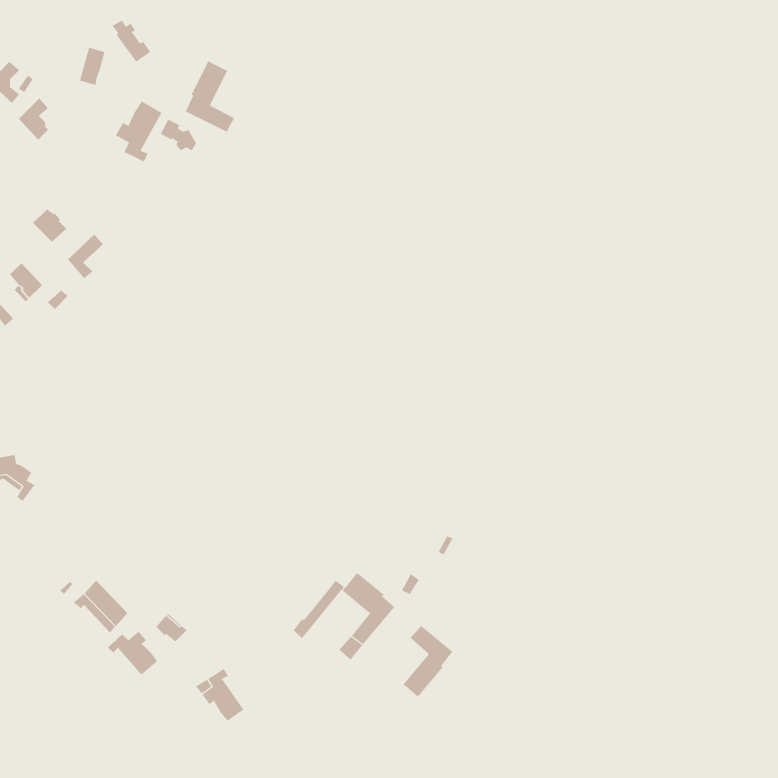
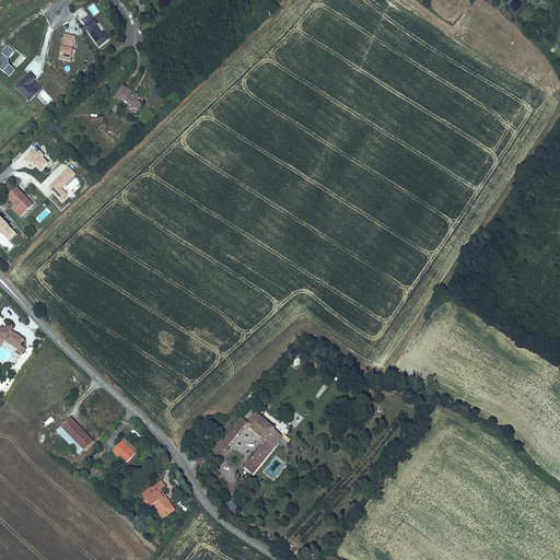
building: [185,60,235,132] -> none
building: [115,101,162,163] -> none
building: [402,625,453,698] -> none
building: [107,631,158,675] -> none

